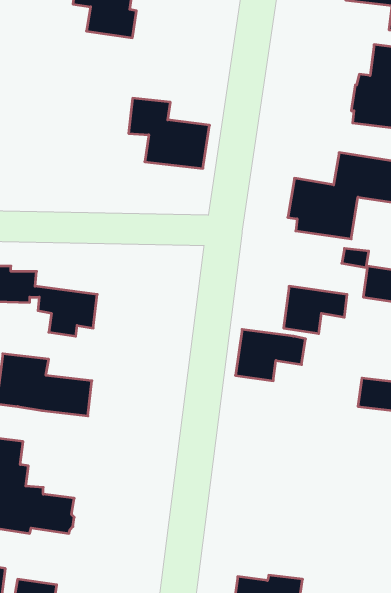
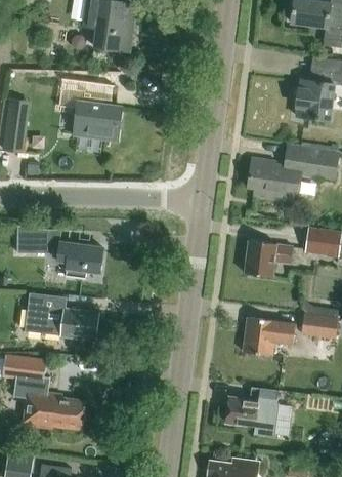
building: [129,98,210,168] -> [60,86,122,140]
building: [235,329,306,381] -> [242,318,295,357]
building: none -> [224,388,277,436]

